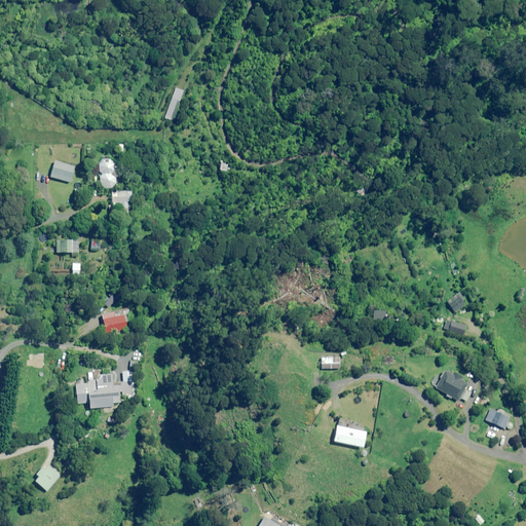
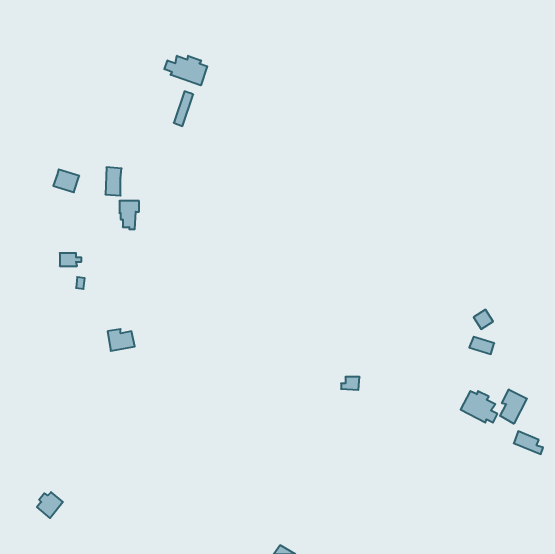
building: none -> [164,56,207,85]
building: none -> [500,389,527,424]
building: [76,373,120,408] -> none
building: [334,424,366,446] -> none

